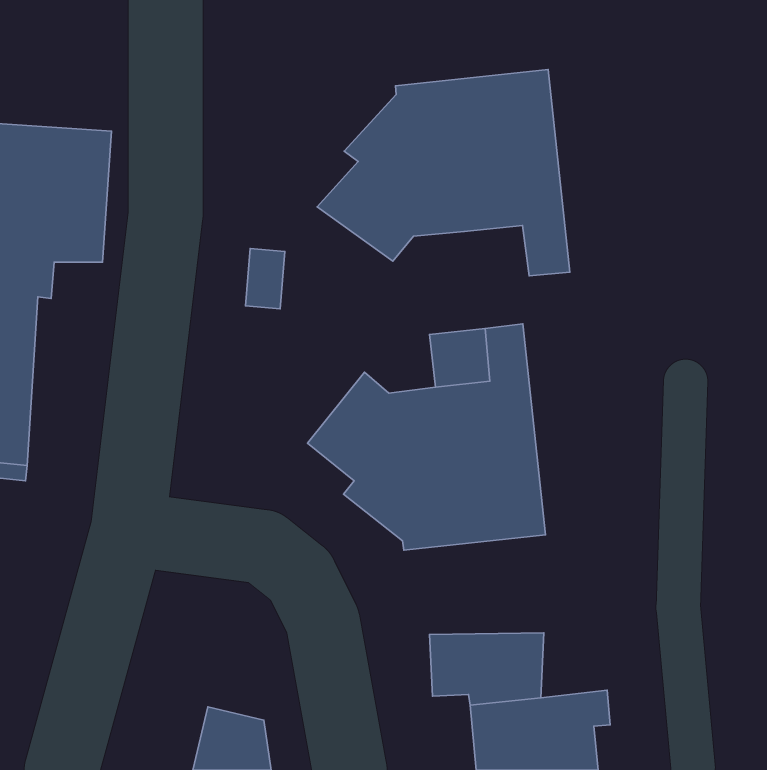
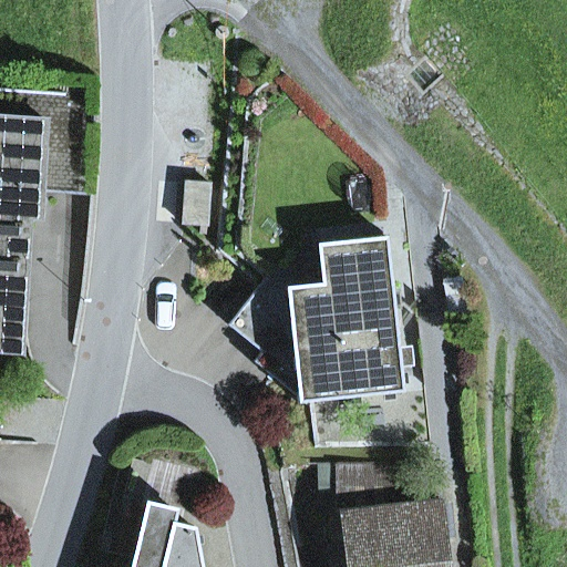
building: [317,69,570,276] -> none

